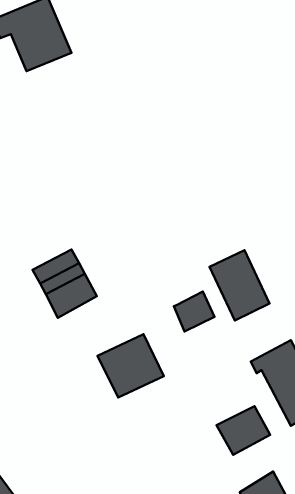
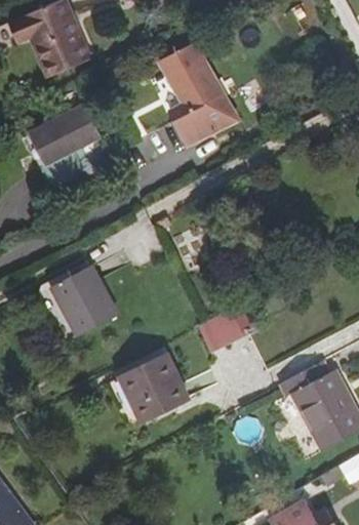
building: none -> [159,44,237,145]
building: none -> [30,106,108,186]
building: [209,250,270,320] -> none
building: [217,406,270,455] -> none

